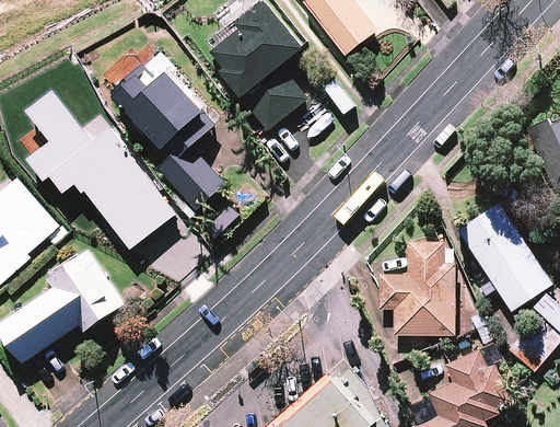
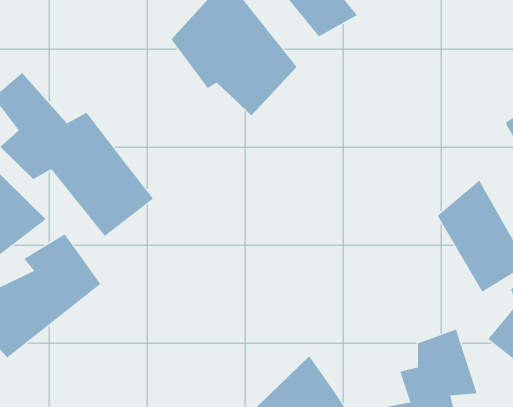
building: [112,59,219,200] -> none
building: [380,232,456,333] -> none

